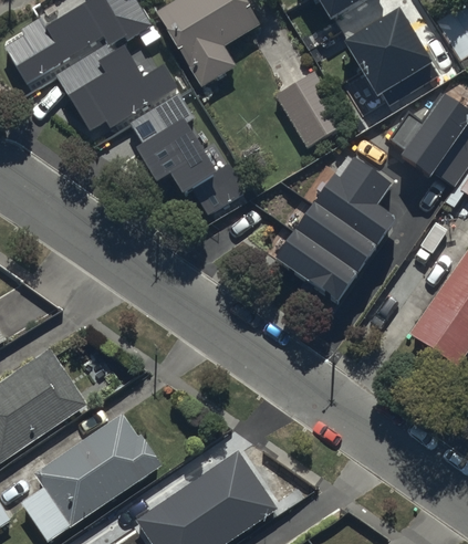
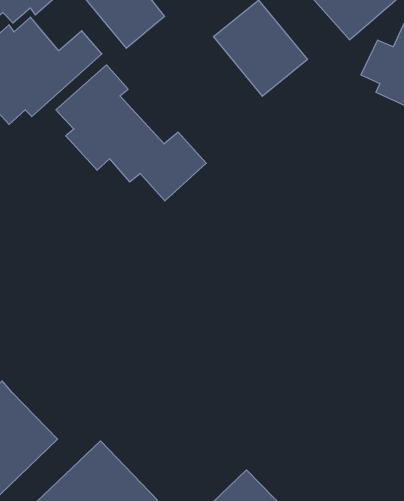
building: [278,155,397,303] -> none

